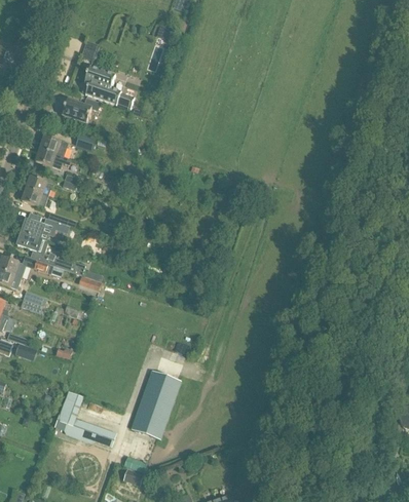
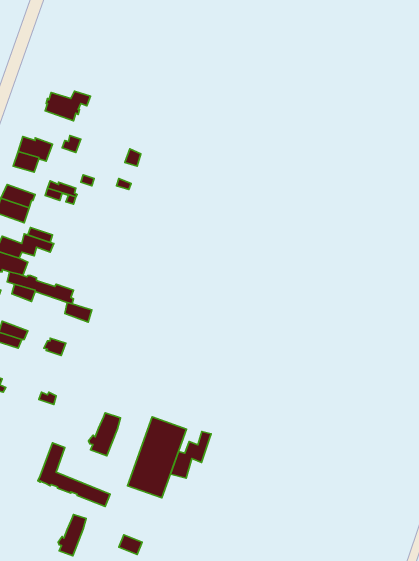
building: [85,65,135,108] -> none
building: none -> [89,413,120,456]
building: none -> [170,431,211,478]
building: none -> [58,515,86,556]

